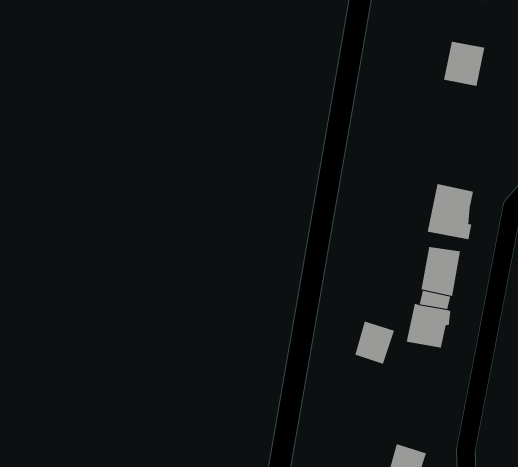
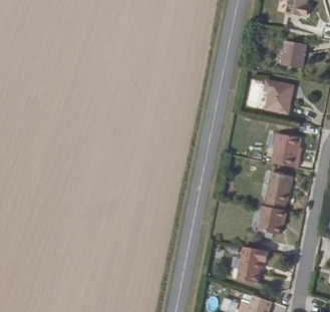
building: none -> [263,79,291,113]
building: [354,321,395,365] -> [239,254,264,281]

